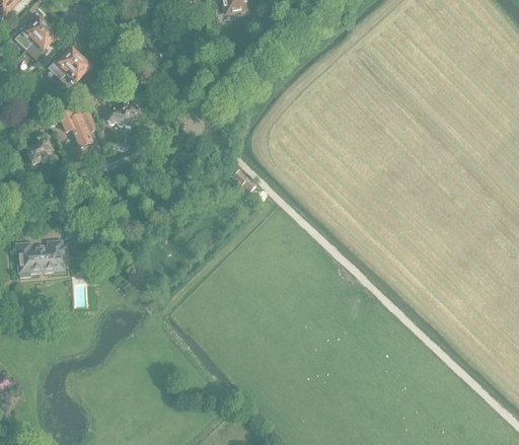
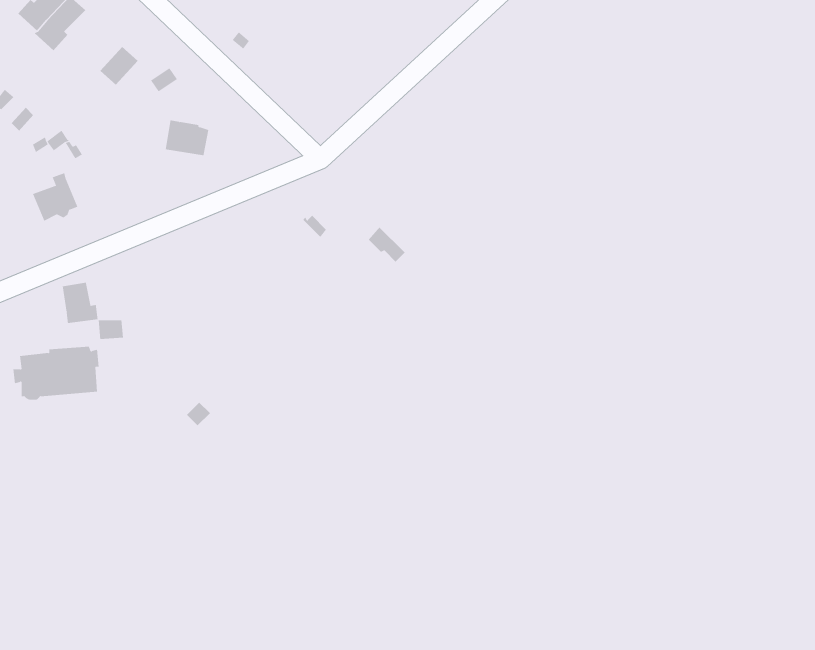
building: [46,47,79,79] -> none
building: [60,109,95,147] -> none
building: none -> [62,282,98,324]

